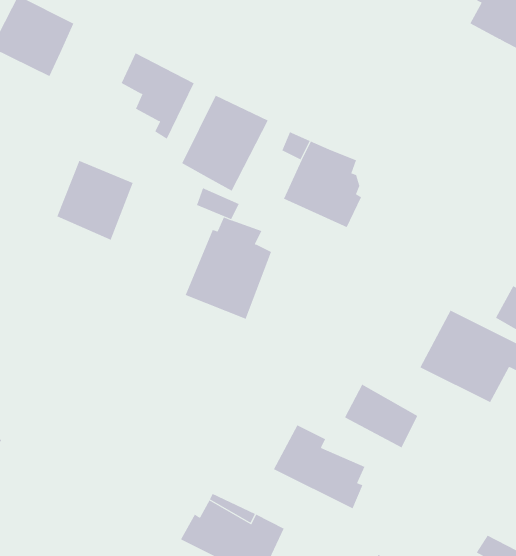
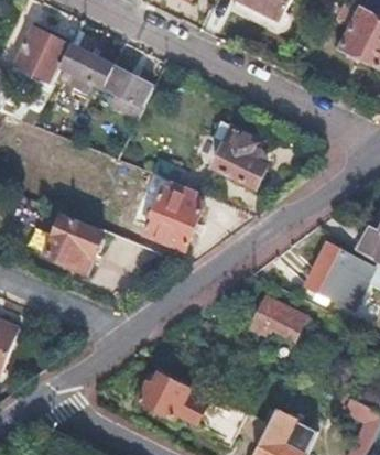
building: none -> [59,46,110,91]
building: [182,95,268,191] -> none
building: [56,160,134,241] -> [46,217,99,272]
building: [273,425,365,509] -> none

